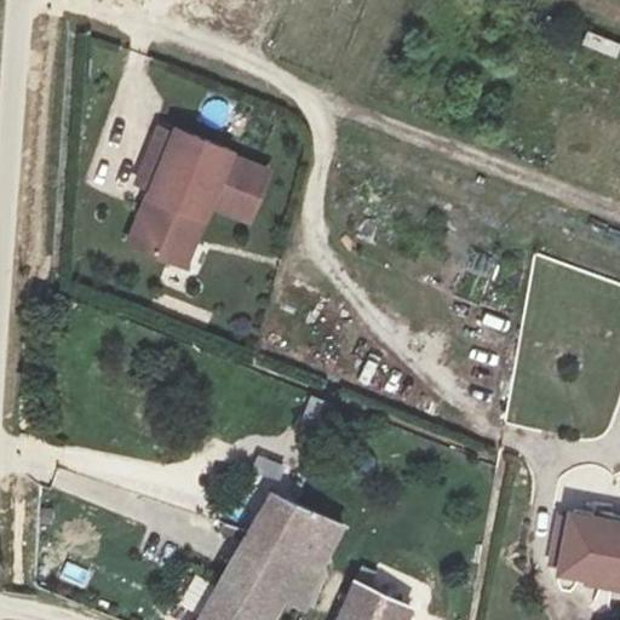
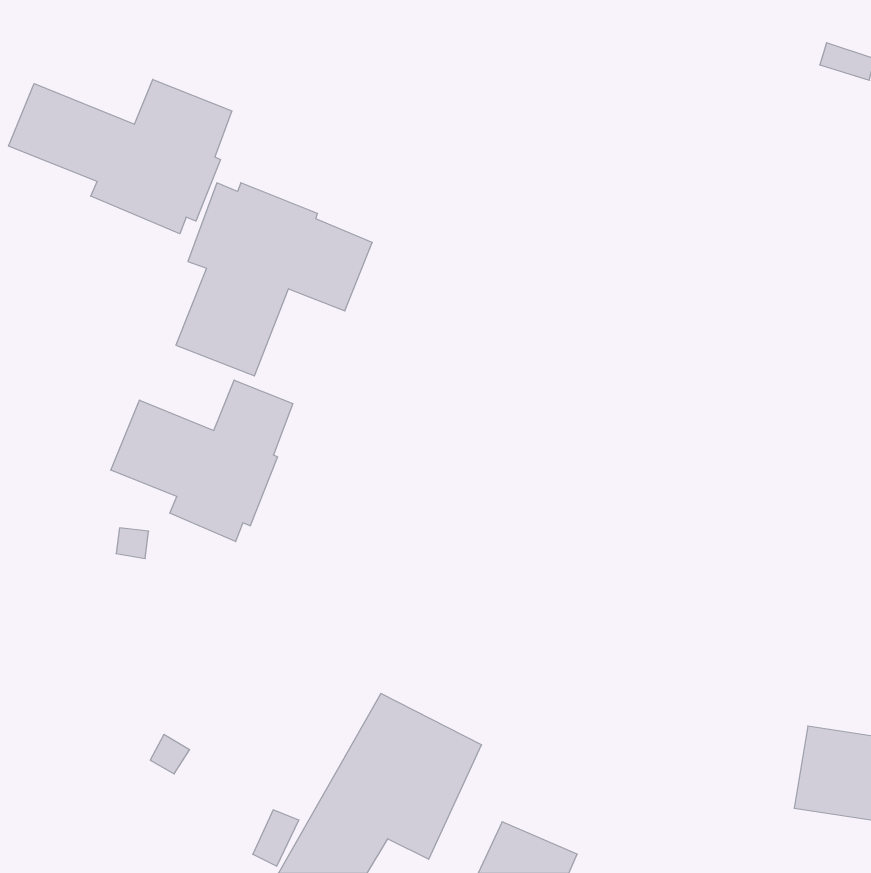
building: none -> [9,79,232,234]
building: none -> [111,380,293,542]

